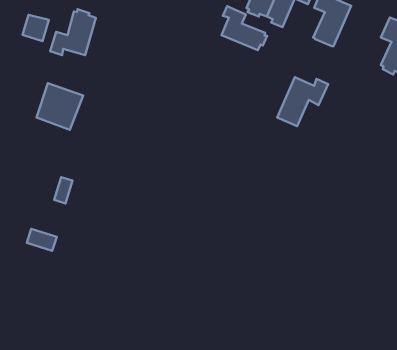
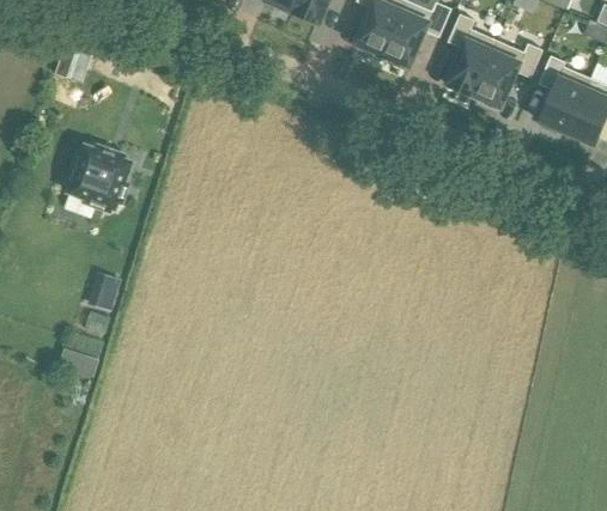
building: [221,6,267,50] -> none
building: [50,9,96,55] -> none
building: [277,77,328,126] -> [473,39,542,107]

